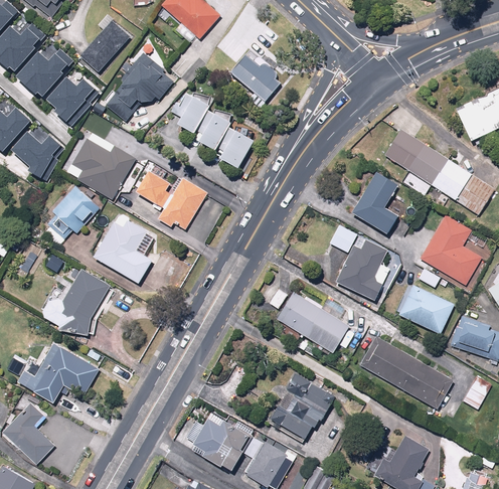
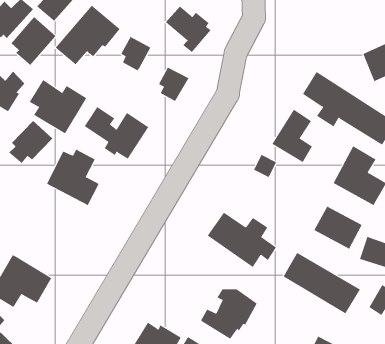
building: [198,106,233,146] -> none
building: [335,239,390,301] -> none
building: [56,269,113,336] -> none

